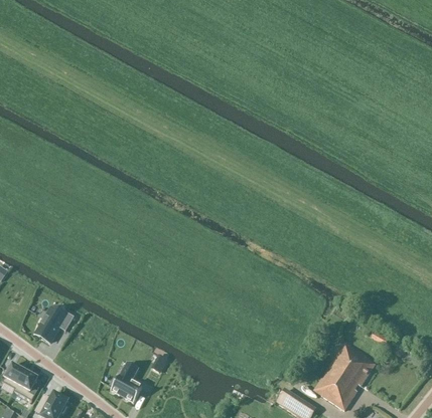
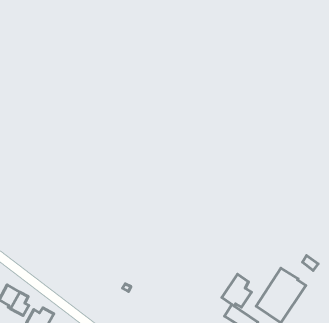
building: [35,305,76,345] -> none
building: none -> [222,274,251,307]
building: [112,367,143,403] -> none

